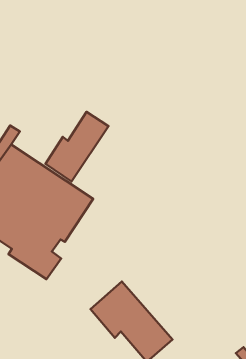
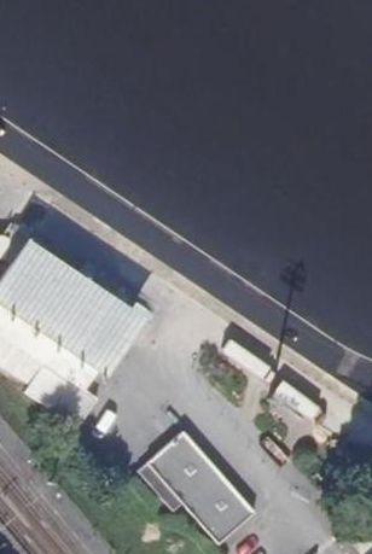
building: [45,112,108,181] -> none

